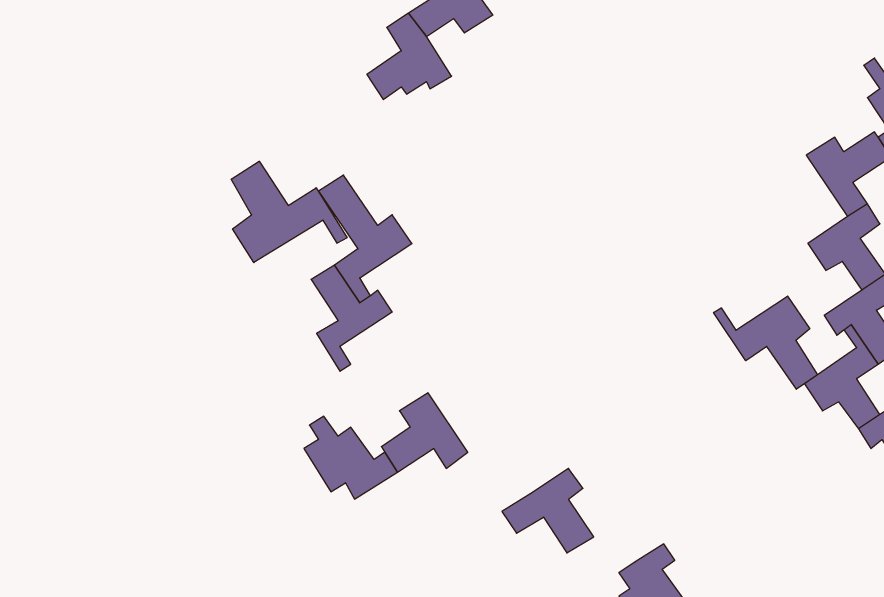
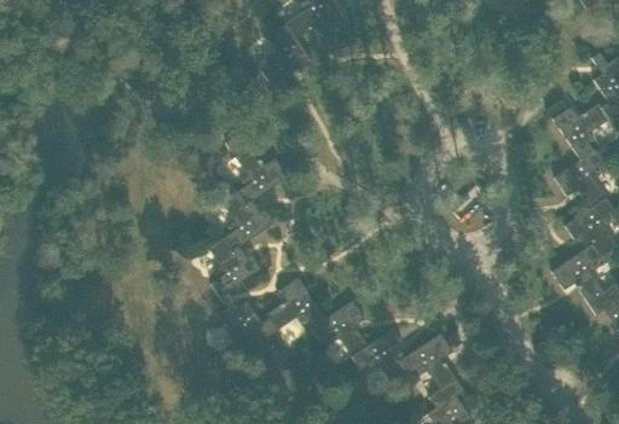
building: [231,161,347,263] -> none
building: [714,296,817,389] -> none
building: none -> [208,237,262,298]
building: none -> [312,300,369,356]
building: none -> [394,332,458,390]

